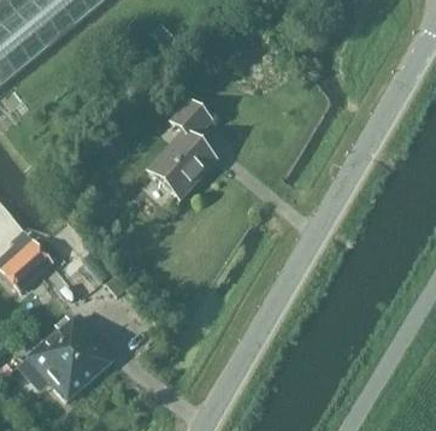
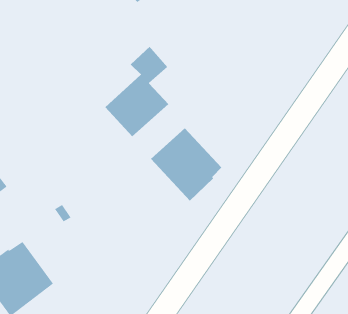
building: none -> [150,128,222,201]

